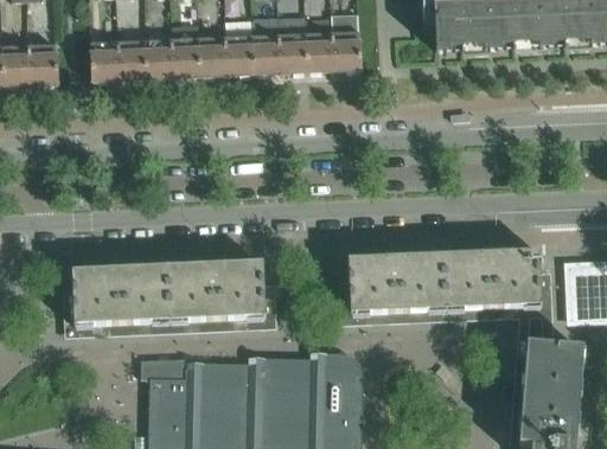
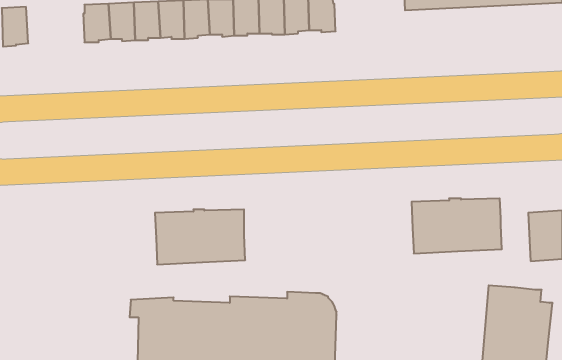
building: [28,43,58,84] -> none
building: [347,254,446,313] -> none
building: [72,265,170,325] -> none

